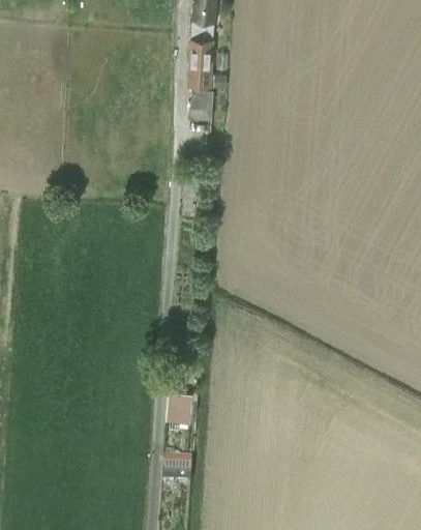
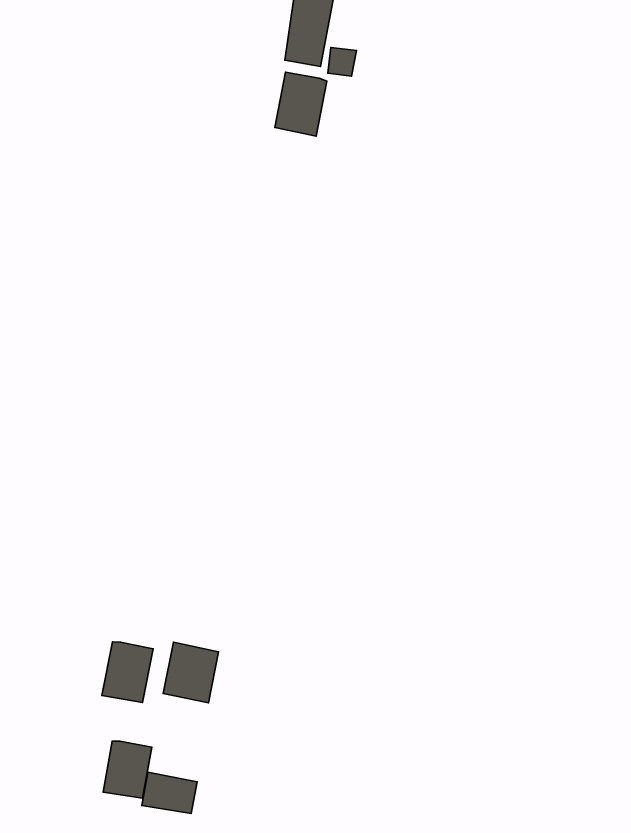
building: none -> [102,642,153,703]
building: none -> [103,741,152,798]

